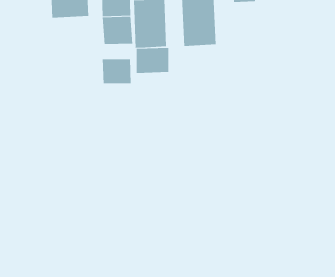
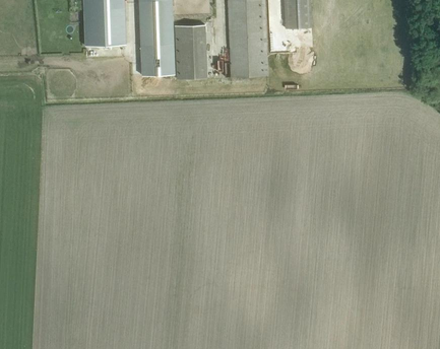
building: [136,47,169,74] -> none
building: [102,58,131,84] -> none

